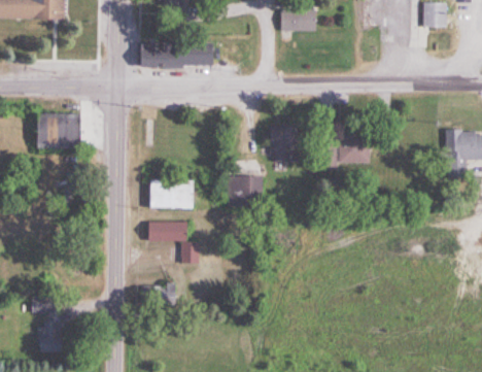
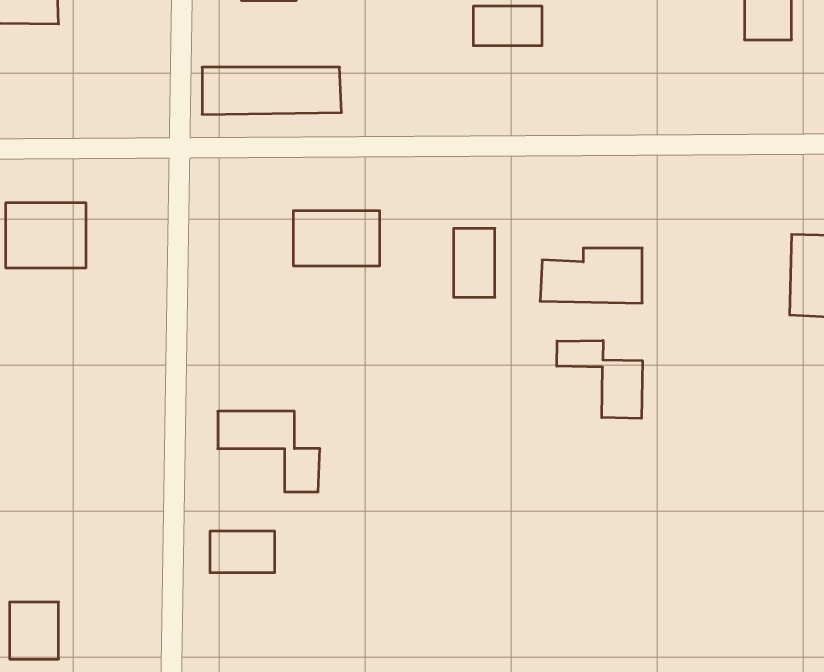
building: [230,176,264,209] -> none
building: [149,179,195,208] -> [293,211,380,266]
building: none -> [557,340,642,418]

